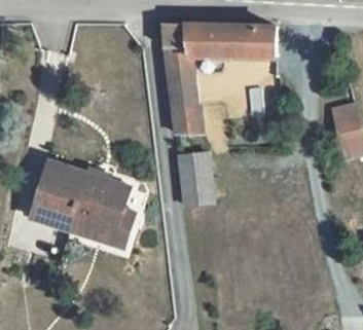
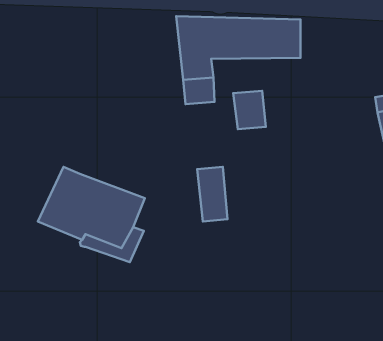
building: [171,105,199,139] -> [233,91,266,129]

